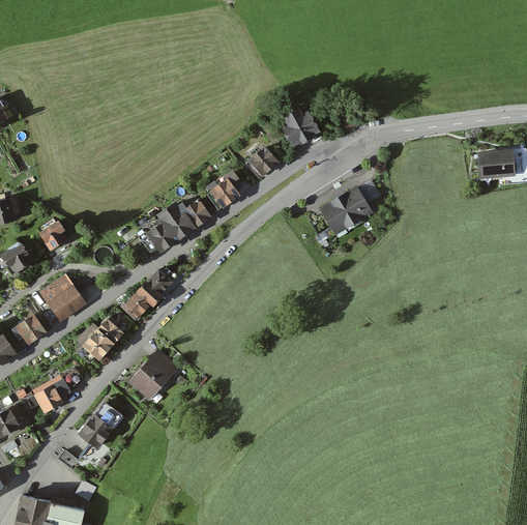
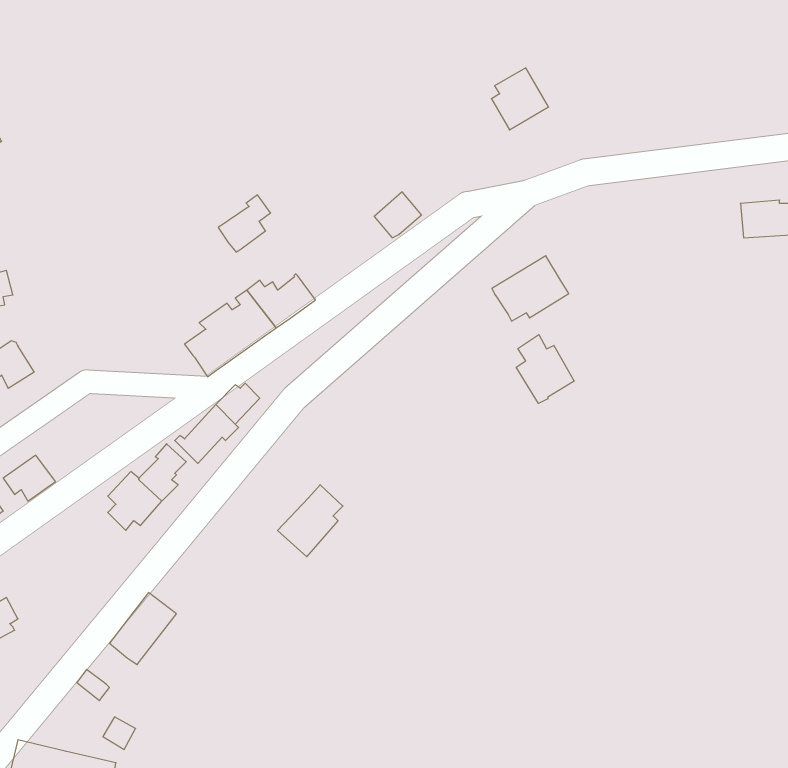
building: [283,107,319,146] -> [491,68,549,130]
building: [208,173,241,209] -> [218,195,271,252]
building: [38,222,66,251] -> none
building: none -> [516,335,574,403]
building: [41,276,85,320] -> none
building: [131,352,173,398] -> [278,485,343,557]
building: [27,368,83,412] -> none

